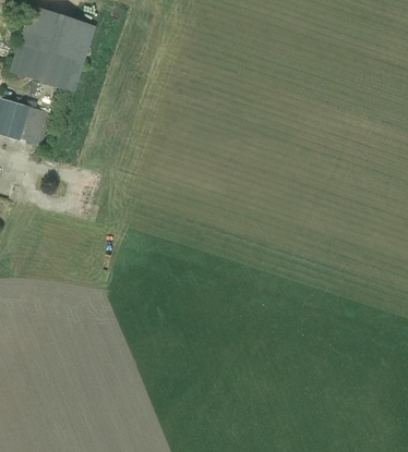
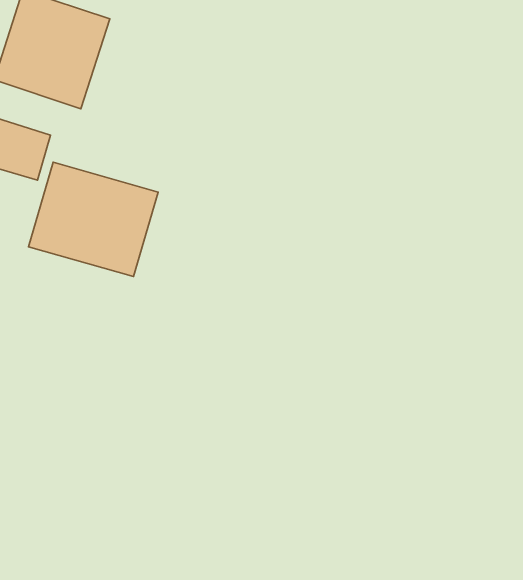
building: none -> [28,162,158,276]

